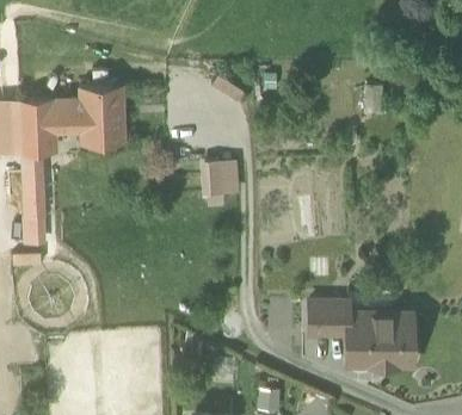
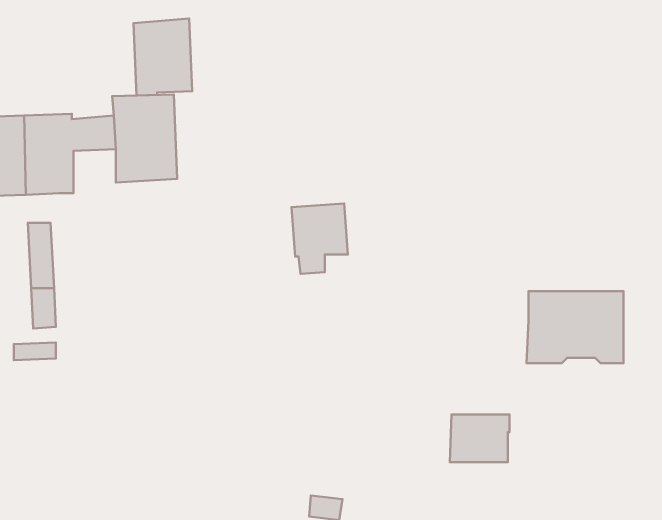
building: none -> [134,19,192,96]
building: [21,151,47,242] -> none
building: [347,314,413,363] -> [527,291,623,363]

